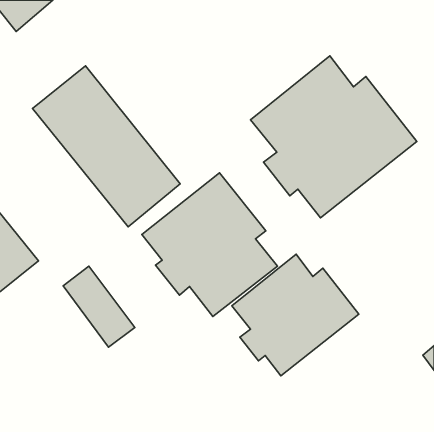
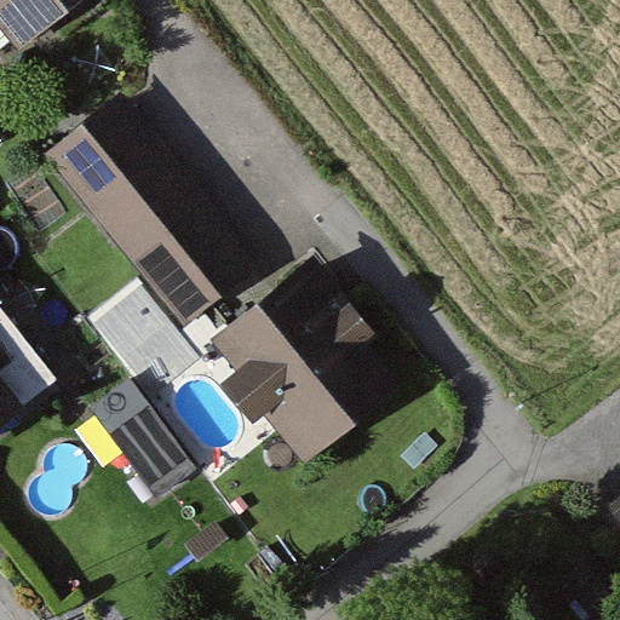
building: [250,56,417,218] -> none
building: [232,254,359,376] -> none

